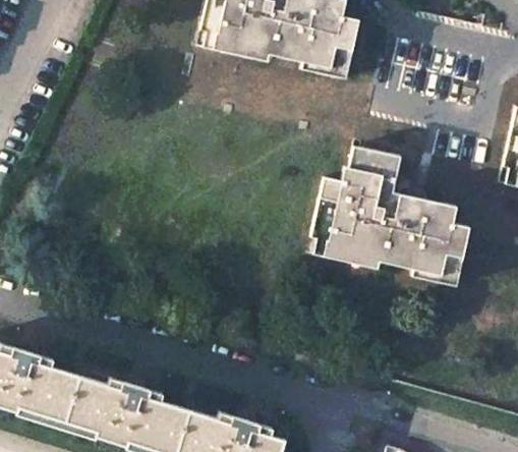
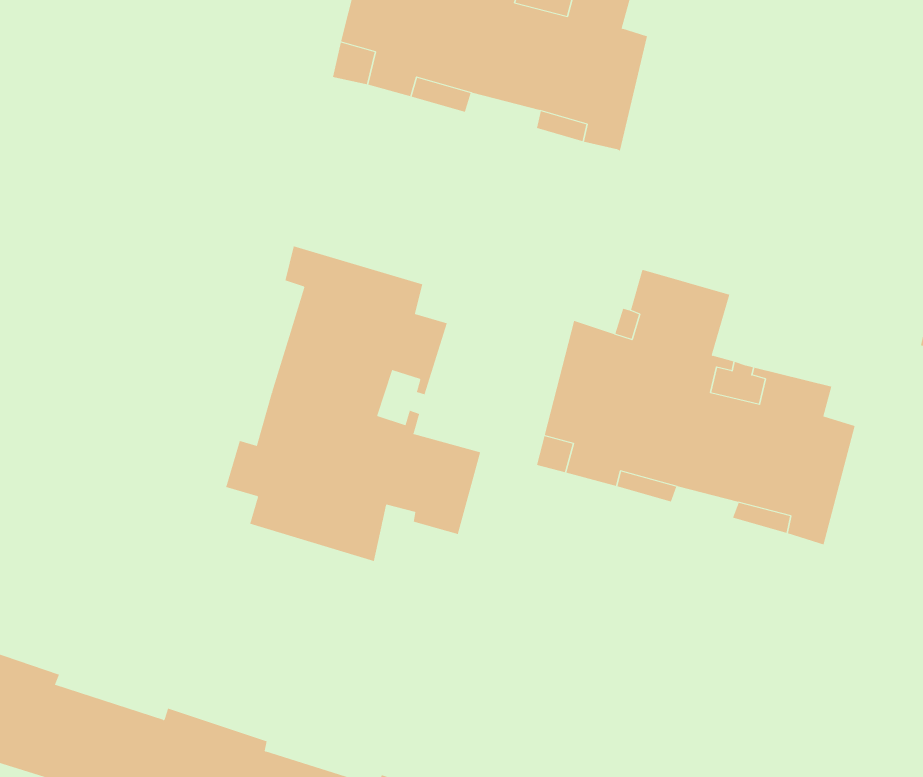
building: none -> [226,245,481,562]

